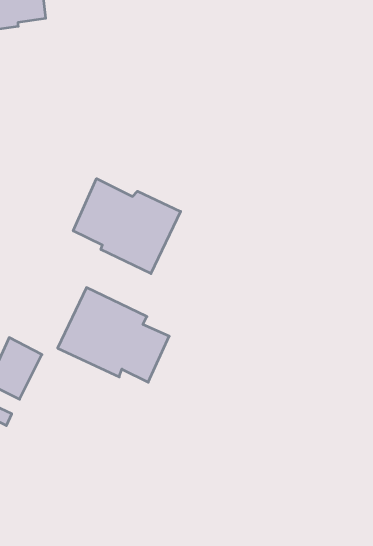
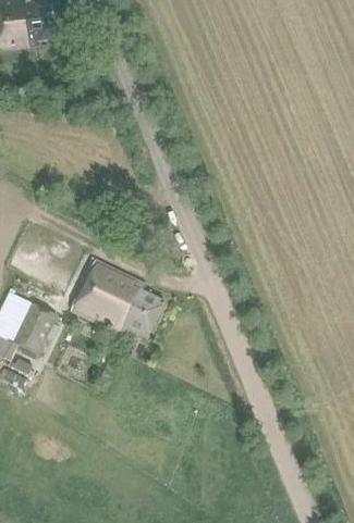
building: [73,179,181,274] -> none

